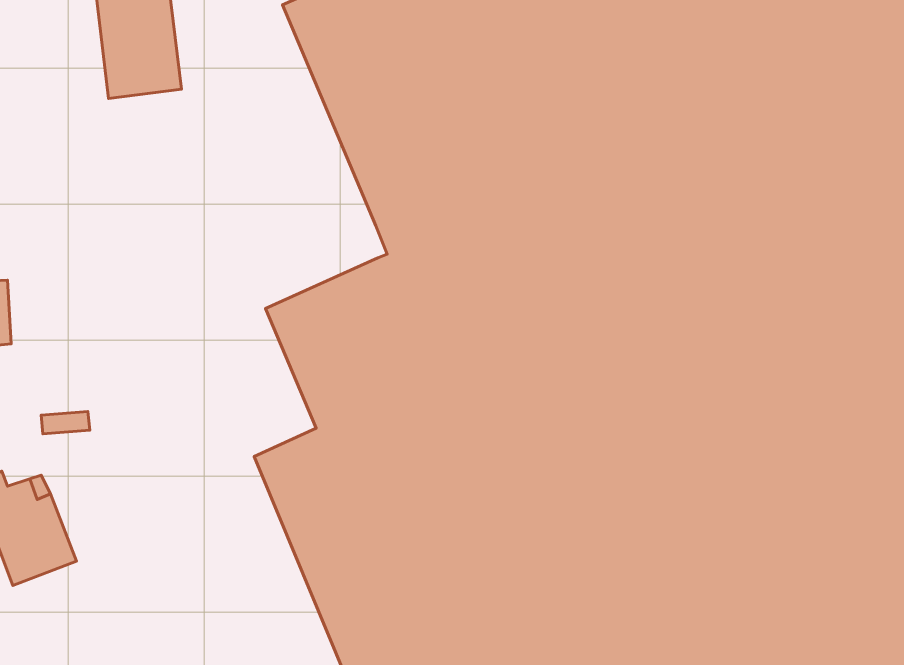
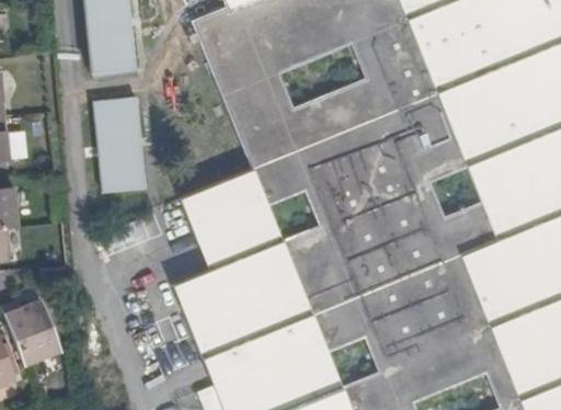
building: none -> [92,99,145,195]

